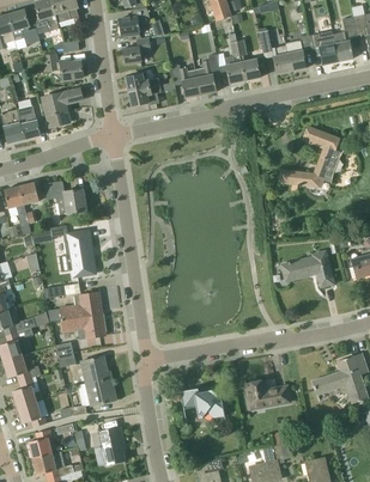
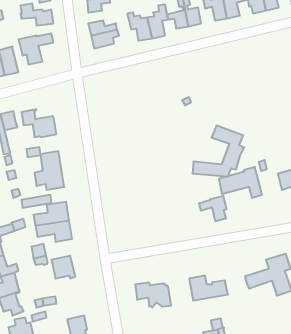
building: [279,126,341,187] -> [192,126,244,176]
building: none -> [199,196,227,221]
building: [85,379,116,405] -> none

